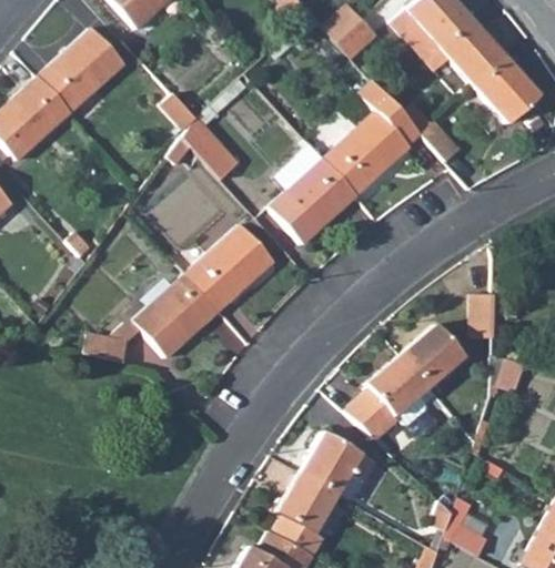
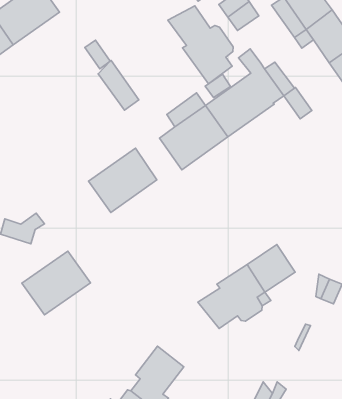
building: none -> [168,6,233,84]
building: [134,273,221,357] -> [22,251,90,315]
building: [473,294,495,338] -> none
building: [301,433,376,494] -> none

